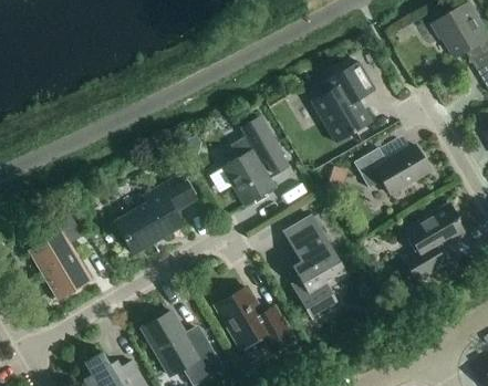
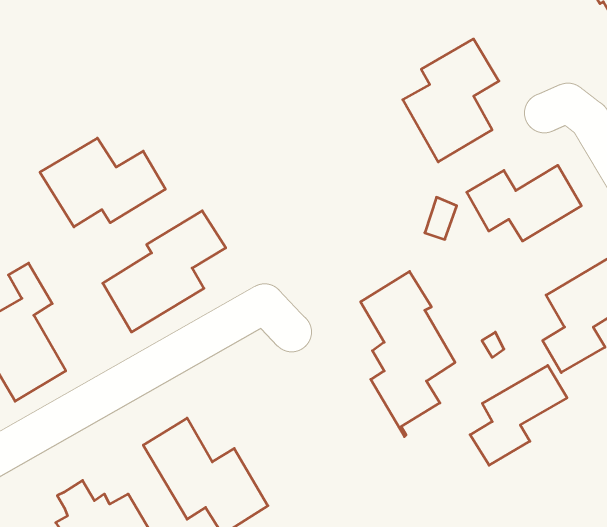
building: [221,117,288,206] -> none
building: none -> [40,138,165,227]
building: none -> [470,365,567,465]
building: [216,288,293,353] -> none

